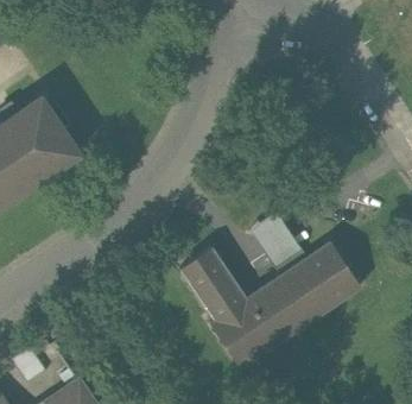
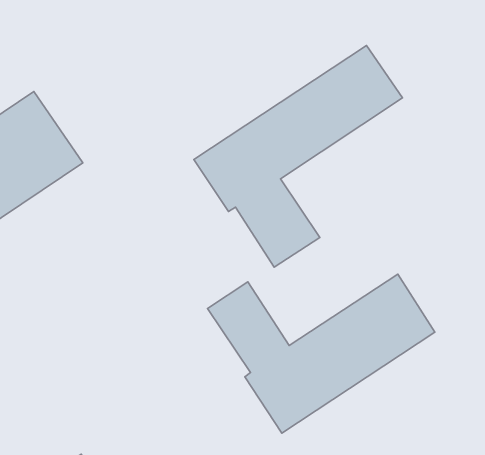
building: none -> [194,45,403,267]

